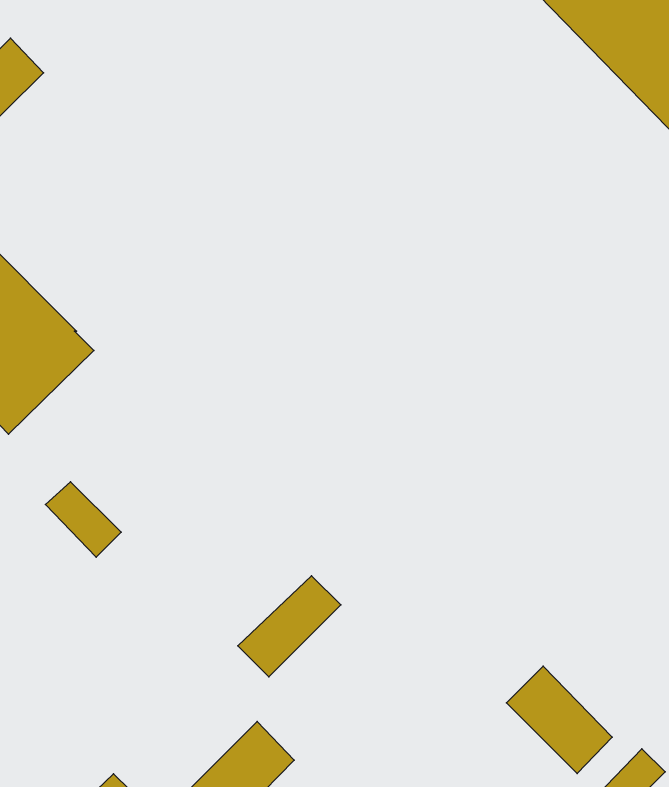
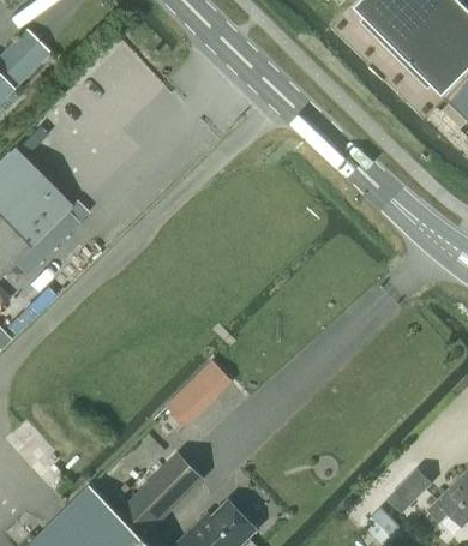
building: [46,482,121,557] -> none
building: [507,666,612,773] -> none

